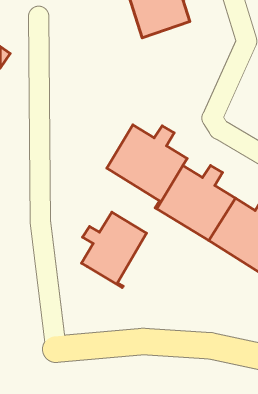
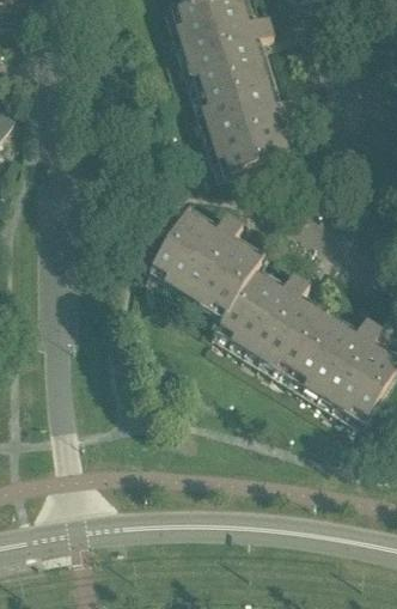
building: none -> [197,68,299,173]
building: [82,212,146,288] -> none

